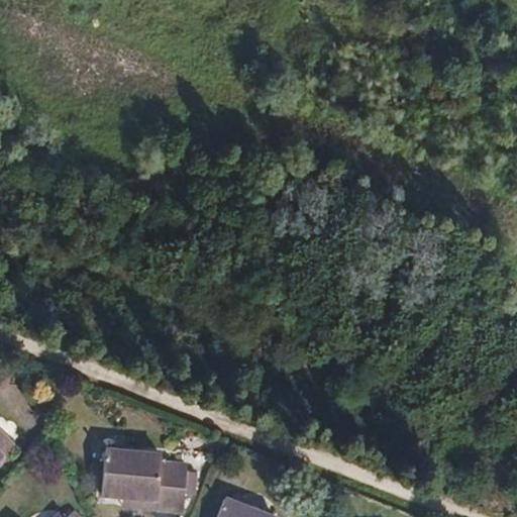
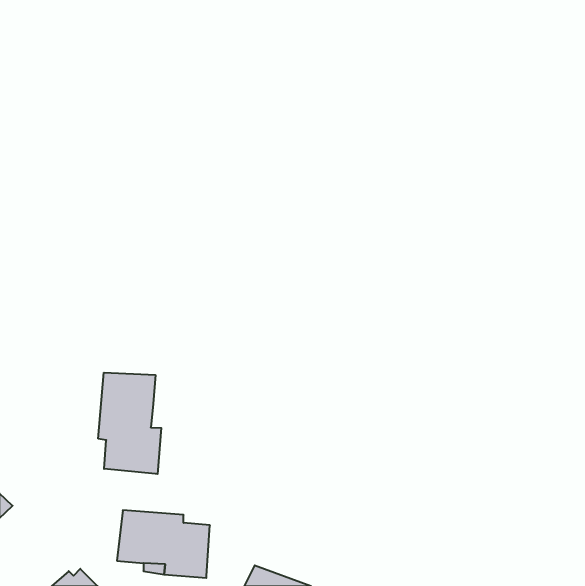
building: none -> [98,373,161,474]

